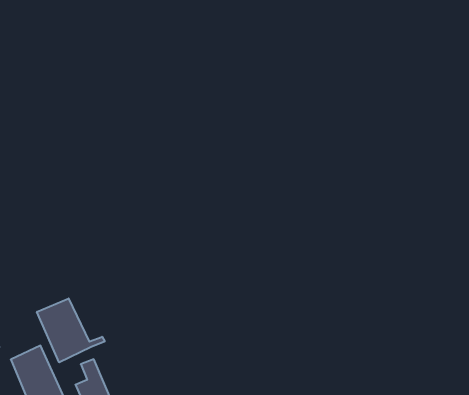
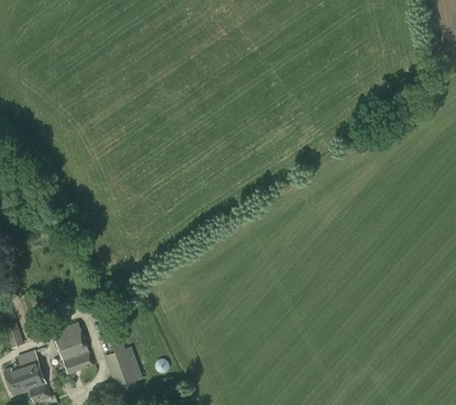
building: [37,298,105,362] -> none

